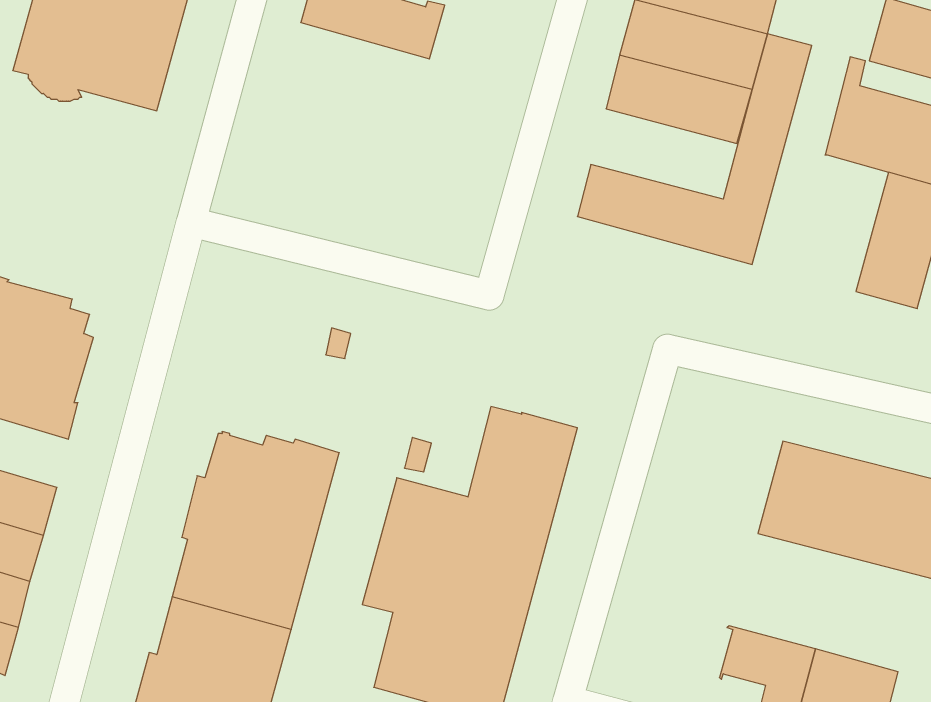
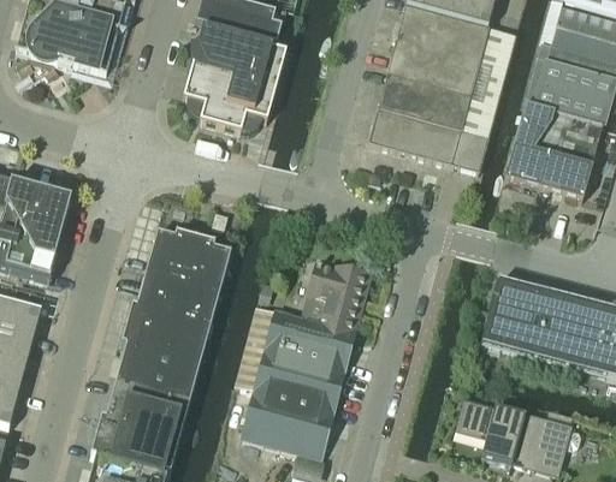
building: none -> [184,26,286,130]
building: none -> [378,72,469,129]
building: none -> [505,101,564,186]
building: none -> [144,228,231,287]

